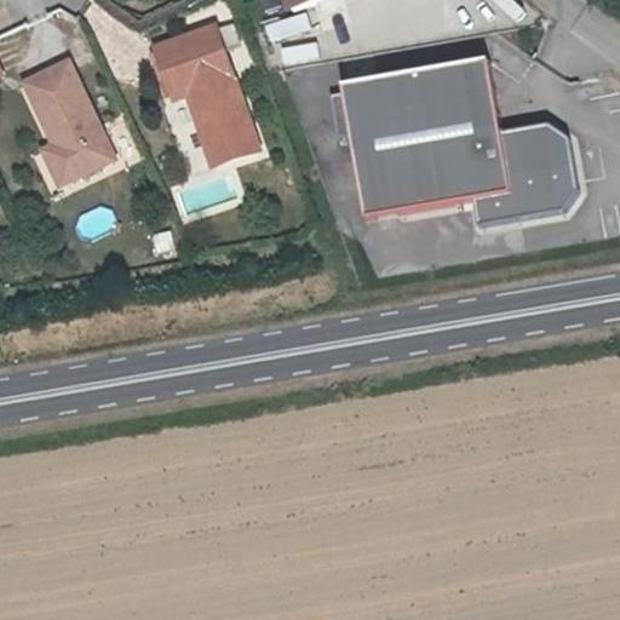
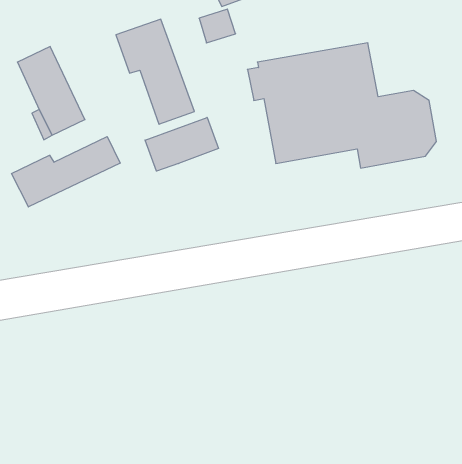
building: none -> [145,117,218,171]
building: none -> [12,137,120,207]

